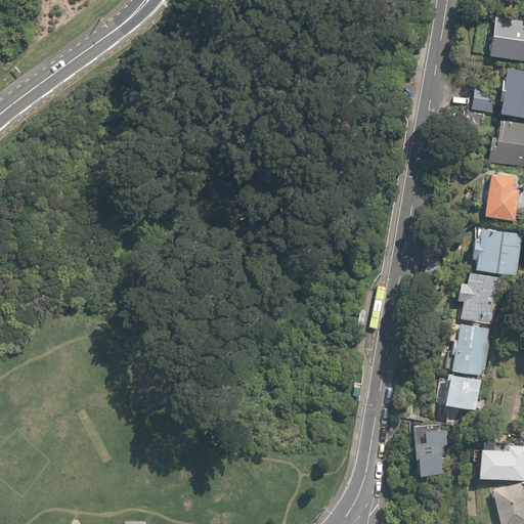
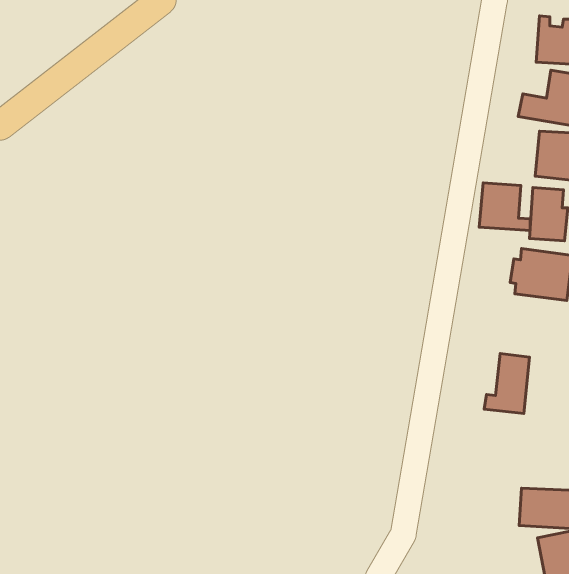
building: none -> [479,183,530,231]
building: [457,271,499,323] -> none
building: [443,374,482,410] -> none
building: [414,430,449,475] -> none

